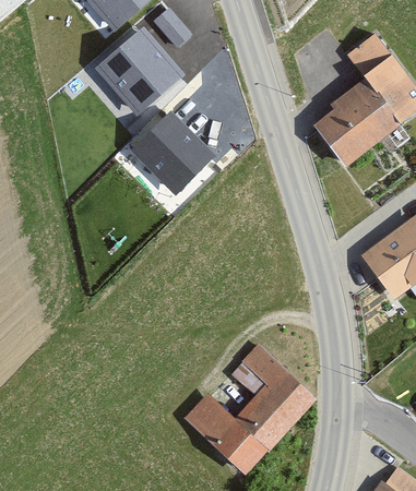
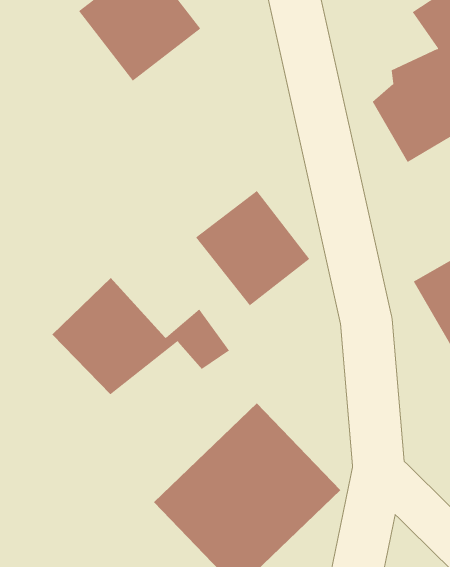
building: [132,111,217,196] -> [195,190,310,306]
building: none -> [52,277,230,395]

